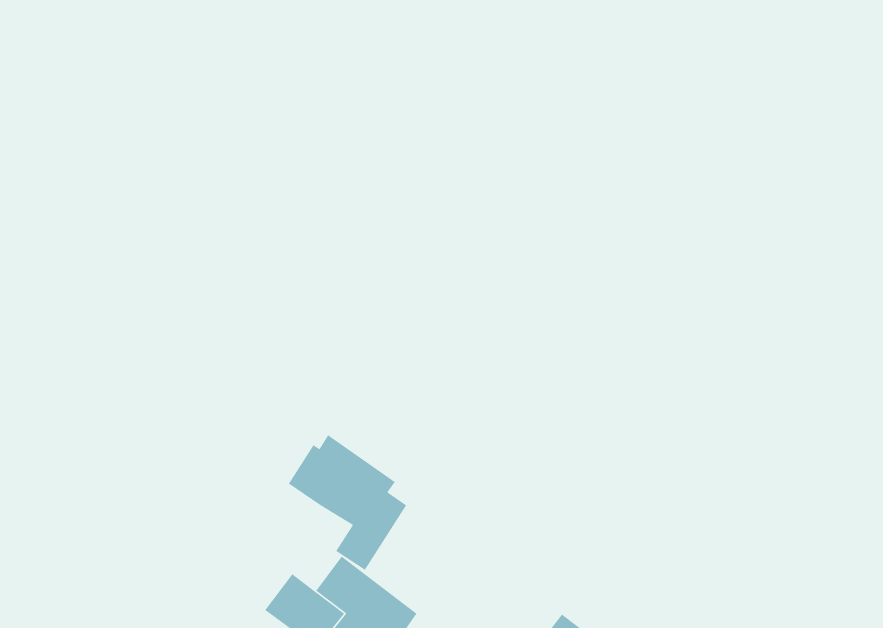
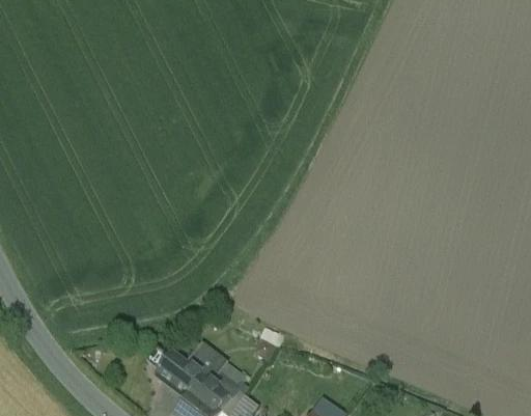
building: [288,434,407,571] -> none

